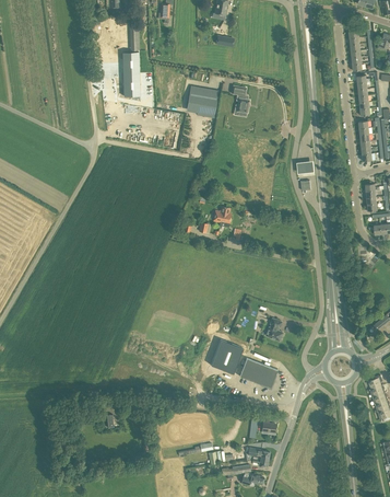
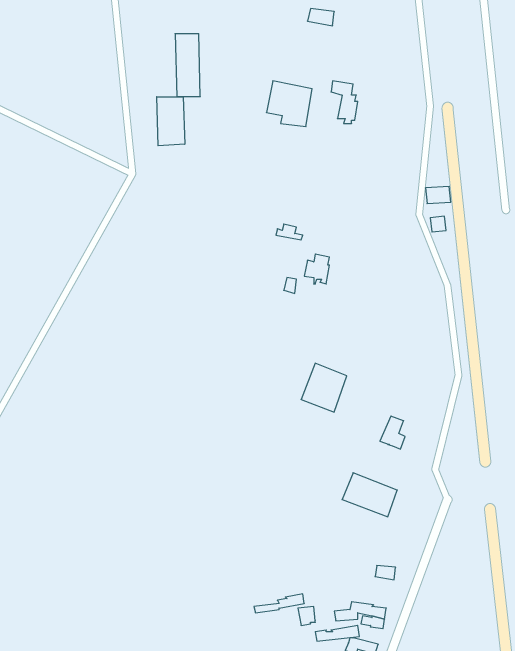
building: none -> [157,97,185,146]
building: [210,339,241,373] -> [301,363,347,412]

